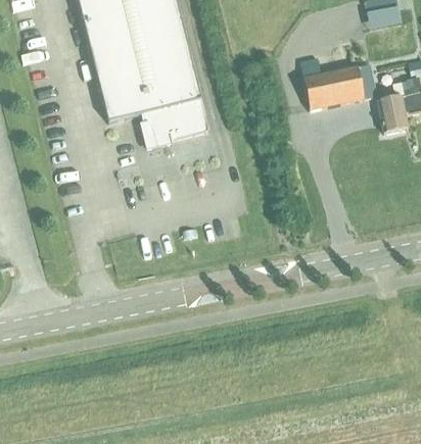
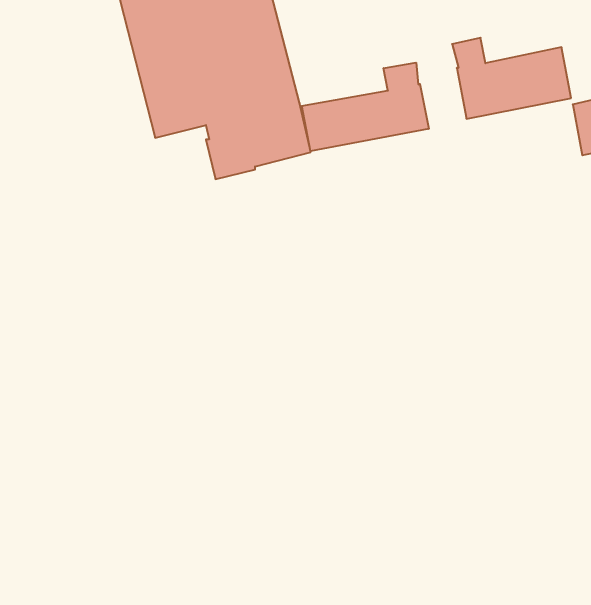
building: none -> [302,63,429,151]

